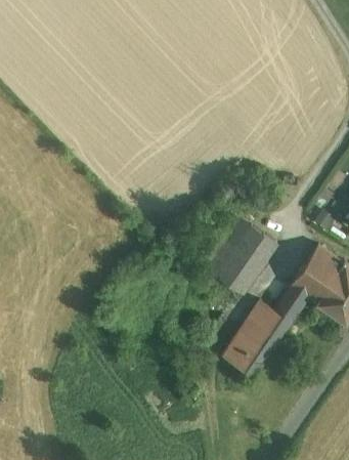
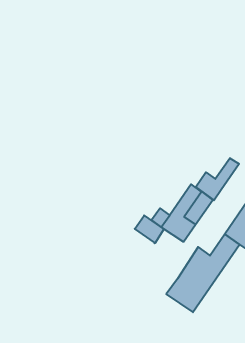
building: none -> [196,158,239,200]
building: none -> [135,215,164,243]

